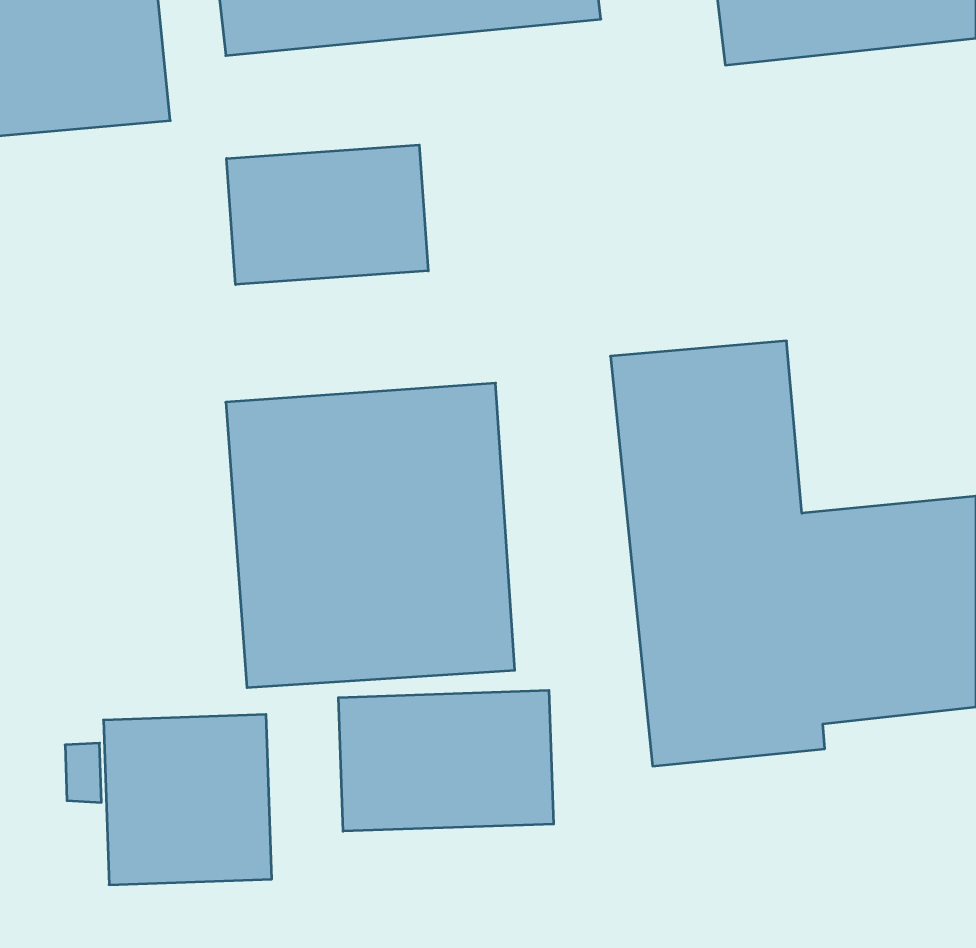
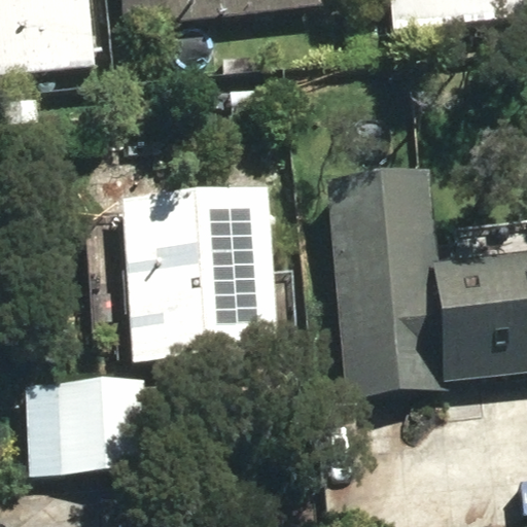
building: [227,145,428,285] -> none
building: [338,690,554,831] -> none

